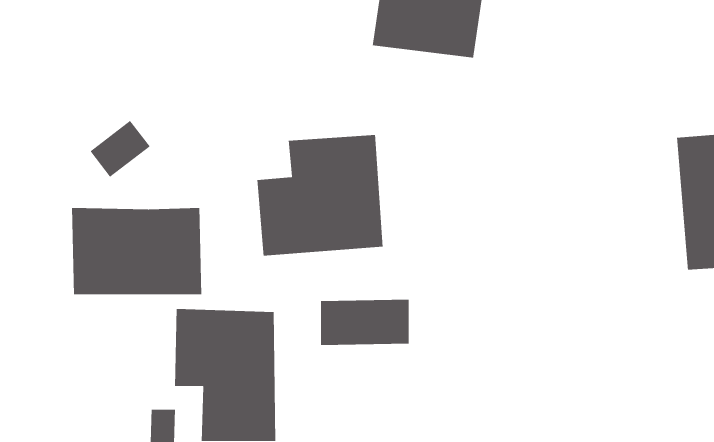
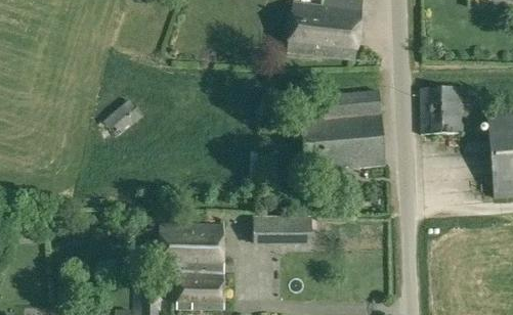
building: none -> [420,85,463,133]
building: [257,134,384,257] -> [301,90,384,170]
building: [71,207,202,295] -> none

